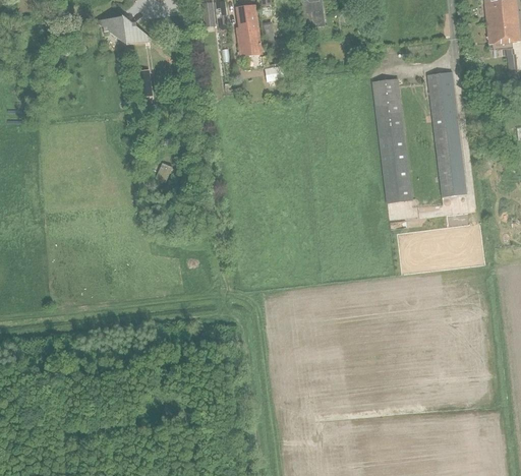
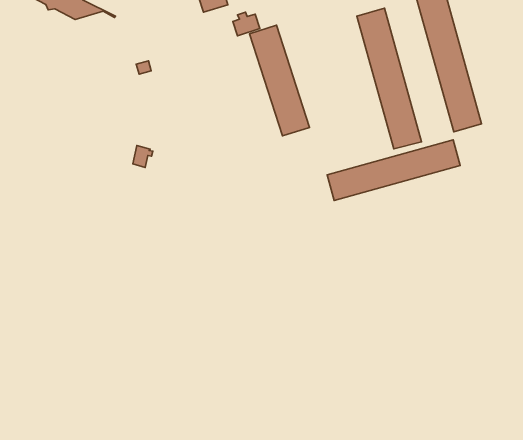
building: none -> [250,25,309,136]
building: none -> [327,140,460,201]

